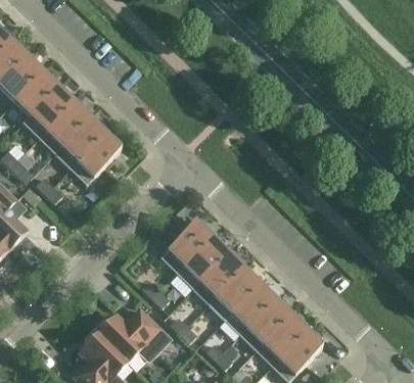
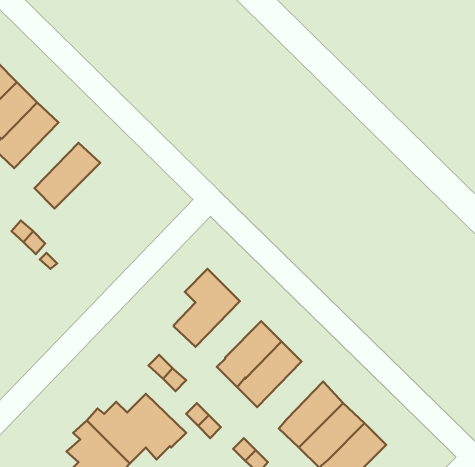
building: [39,102,88,152] -> none
building: [70,133,121,184] -> none
building: [177,238,227,288] -> none
building: [224,284,274,335] -> none

